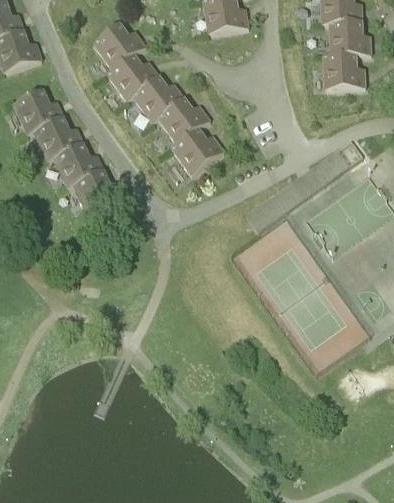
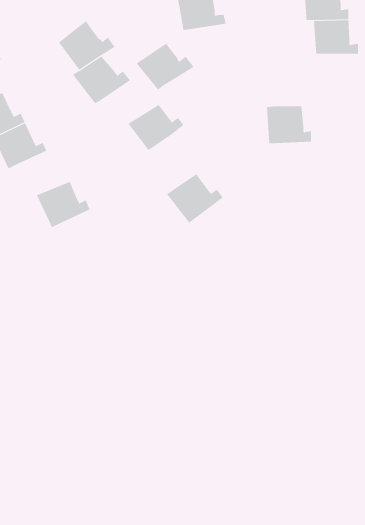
building: [322,53,364,88] -> [266,106,312,144]
building: [132,77,186,121] -> [136,43,195,91]
building: [170,127,223,173] -> [166,174,224,223]
building: [53,142,104,186] -> none

